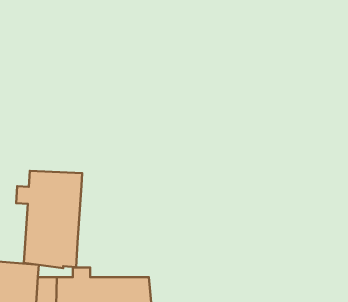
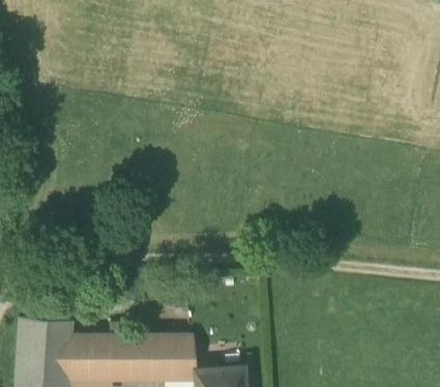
building: [16,171,82,268] -> none

